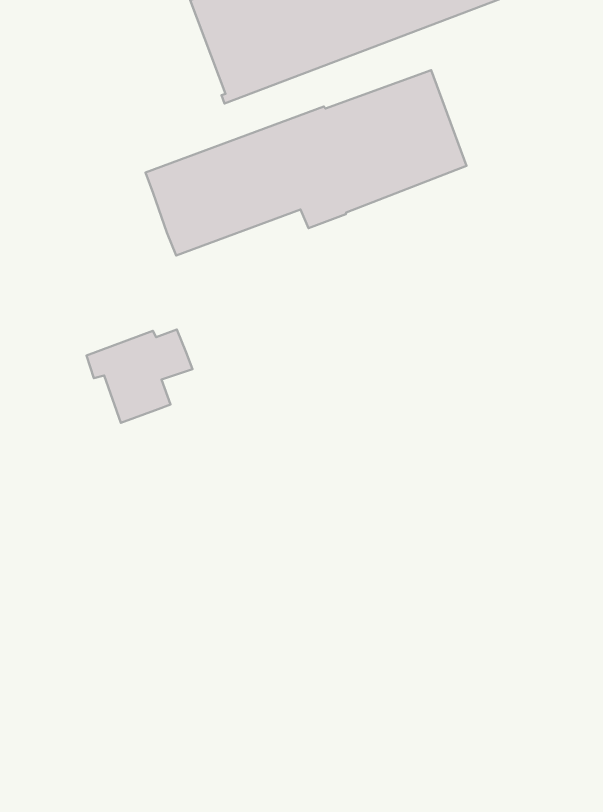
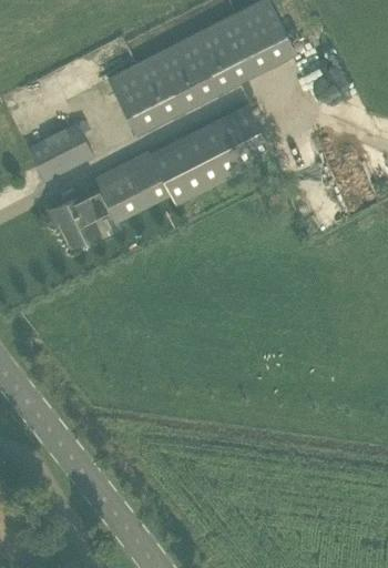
building: none -> [28,125,93,183]
building: [86,329,192,423] -> [49,193,109,248]

